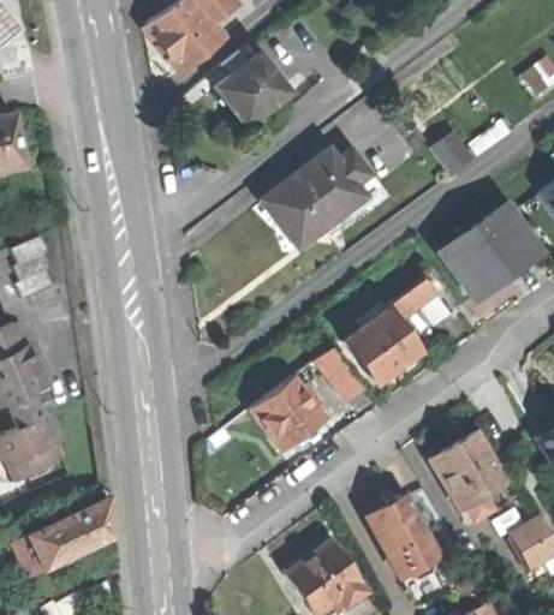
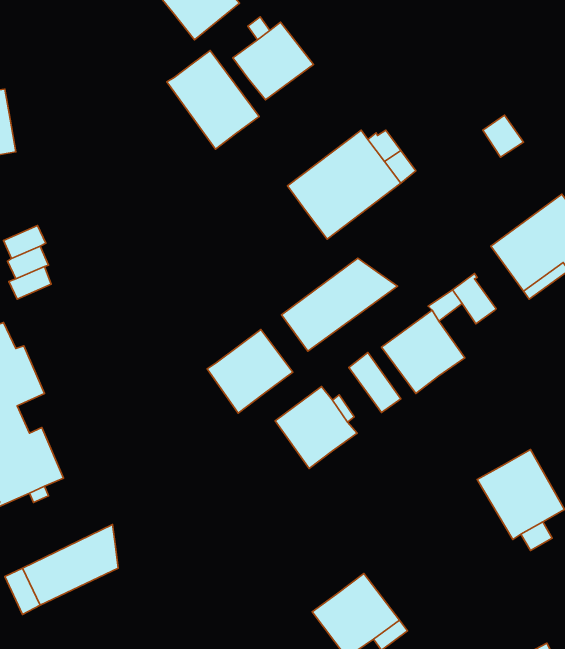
building: none -> [167,50,259,149]
building: none -> [281,258,397,351]
building: none -> [207,329,293,413]
building: [368,497,437,580] -> none

